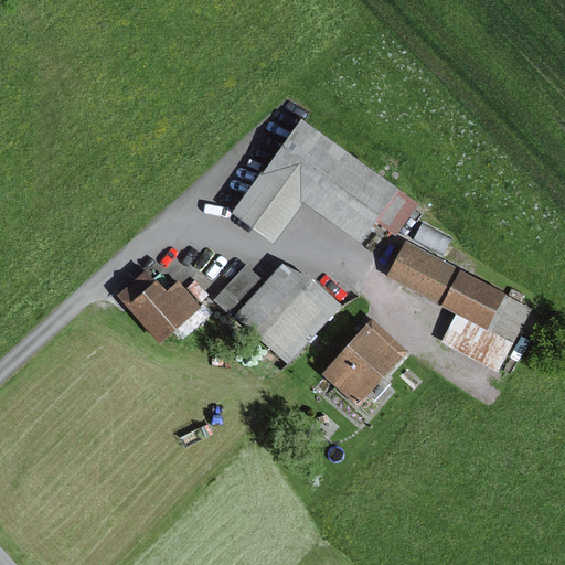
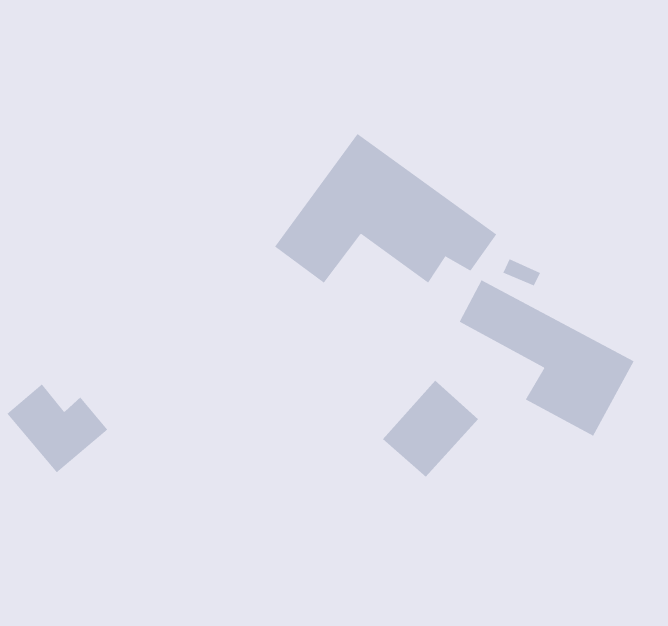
building: [213,263,341,364] -> none
building: [116,268,201,343] -> [6,383,108,473]

